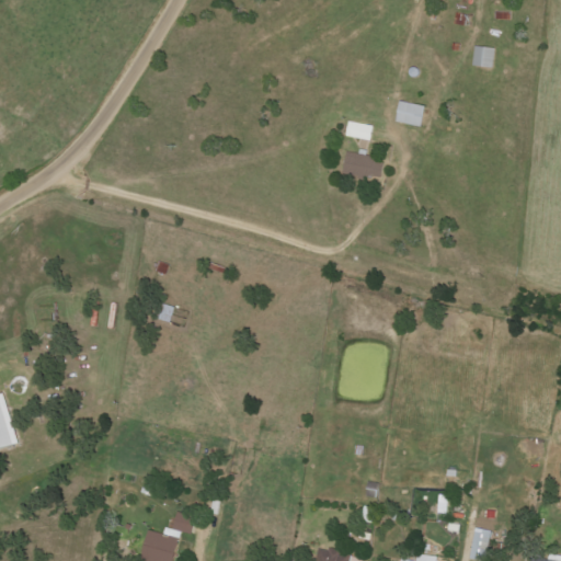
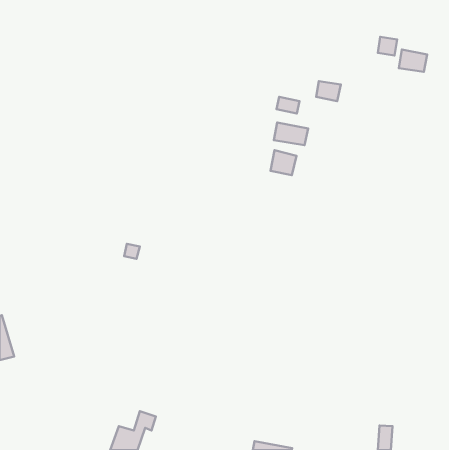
building: none -> [399,49,427,72]
building: none -> [270,150,296,175]

